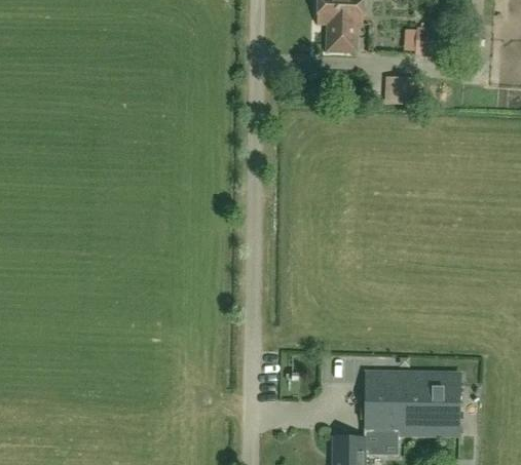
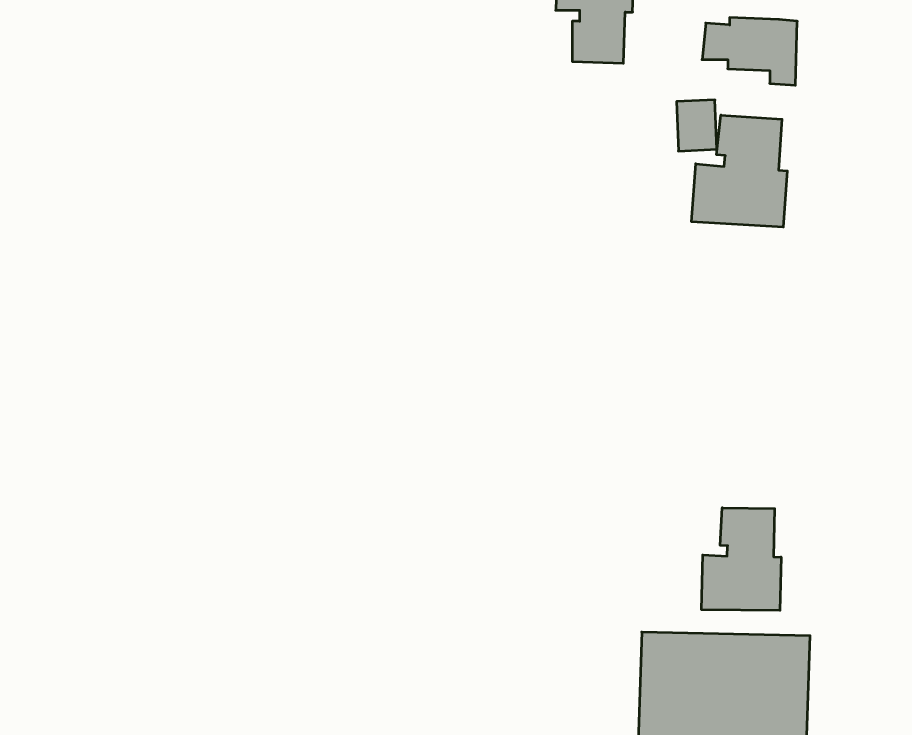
building: none -> [692,115,787,227]
building: none -> [702,508,781,610]

